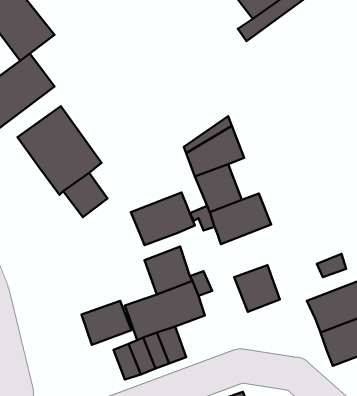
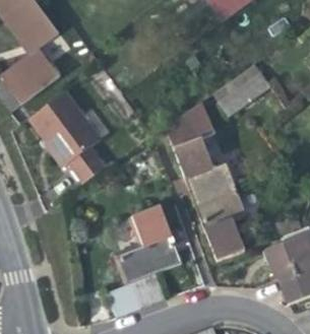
building: none -> [211,63,269,115]
building: [131,192,195,245] -> [195,189,248,232]
building: [82,301,131,345] -> none

